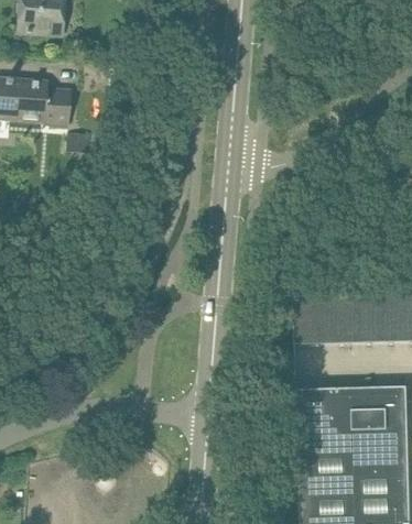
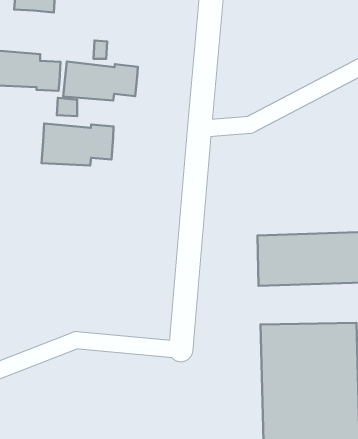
building: none -> [63,62,138,100]
building: none -> [42,123,114,165]

